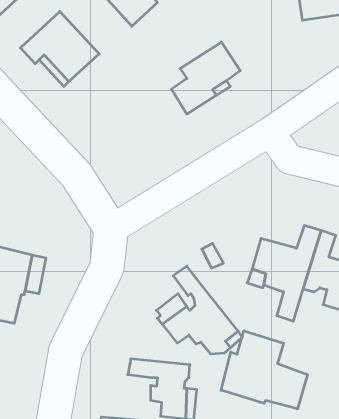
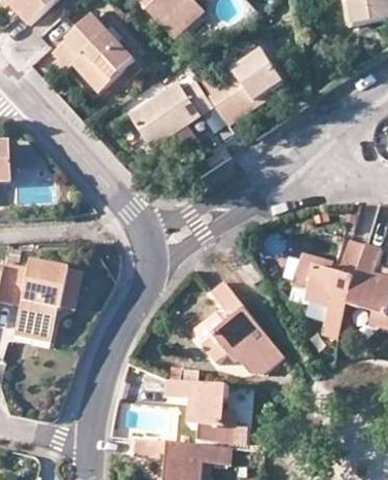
building: none -> [130,77,214,146]
building: [221,331,308,409] -> none

